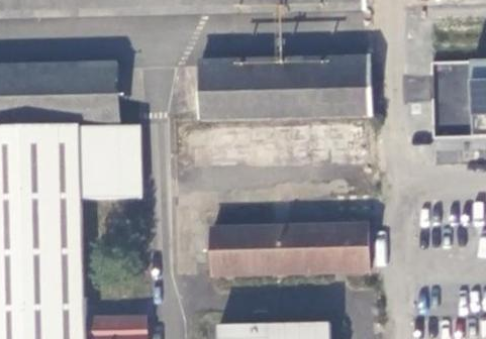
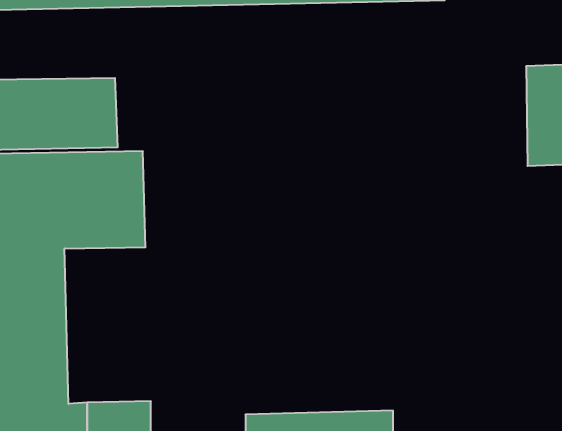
building: [199,62,374,119] -> none
building: [210,223,369,275] -> none

